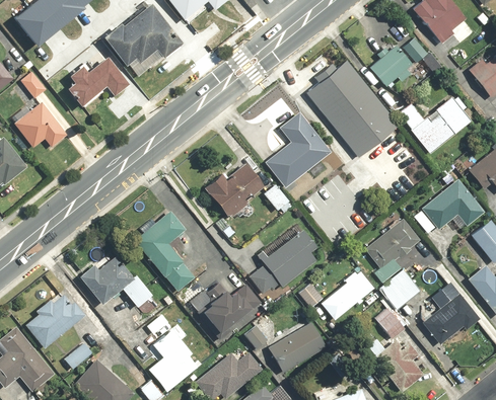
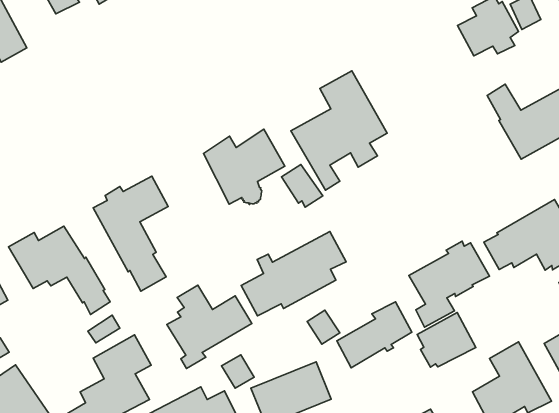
building: [305,59,400,157] -> none
building: [375,309,408,339] -> none

